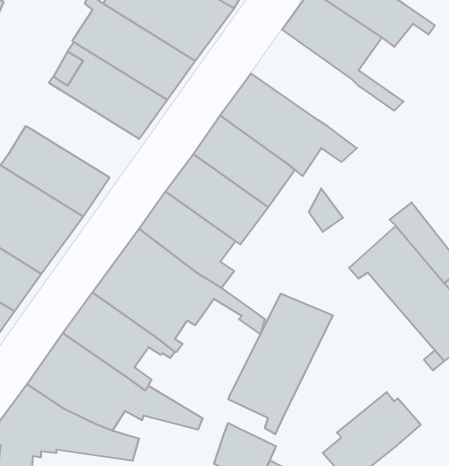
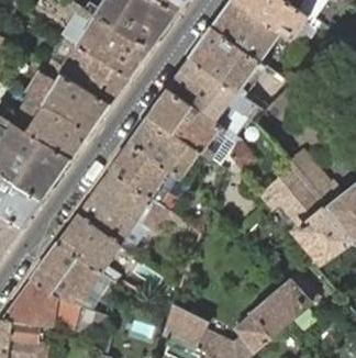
building: none -> [189,27,265,96]
building: none -> [25,61,110,132]
building: [229,294,333,434] -> none

